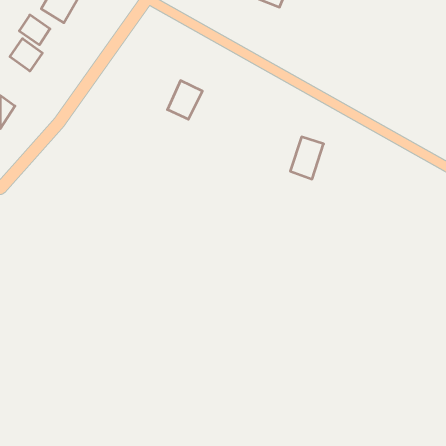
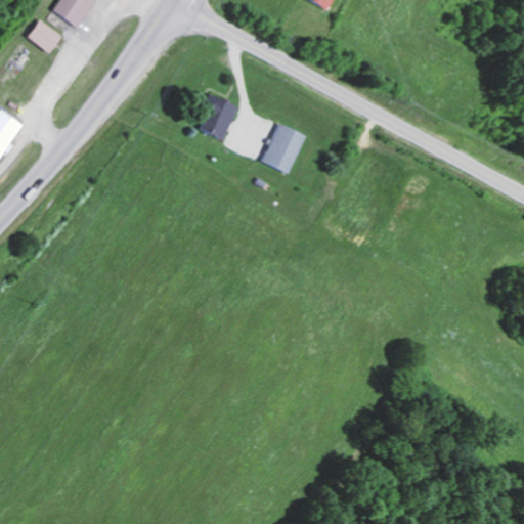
building: [10,39,42,71] -> none
building: [290,137,324,179] -> [264,124,303,173]

